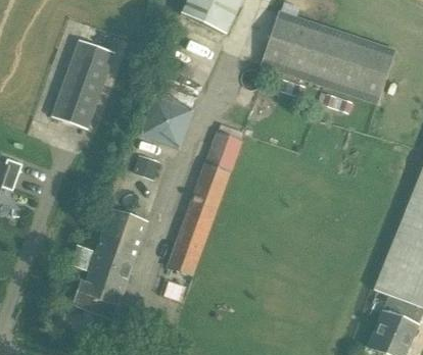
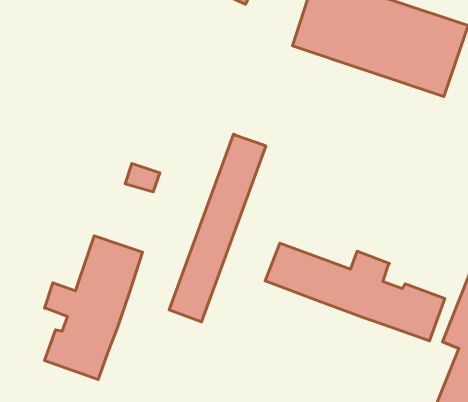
building: [52,39,115,129] -> none
building: [141,96,193,147] -> none
building: none -> [265,243,445,341]

